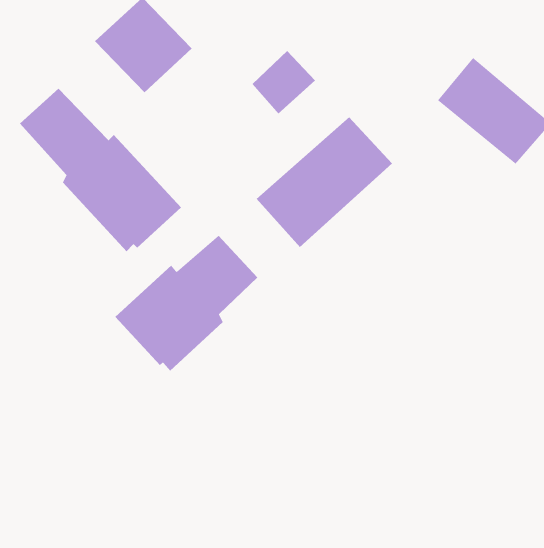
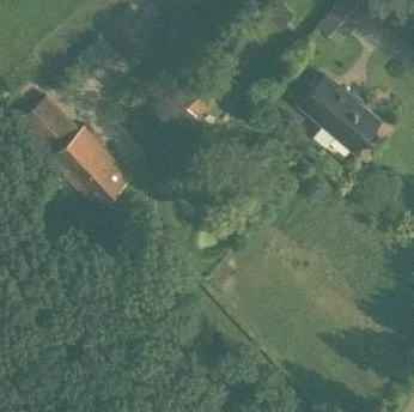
building: [256,117,393,248] -> none
building: [114,235,258,372] -> none

